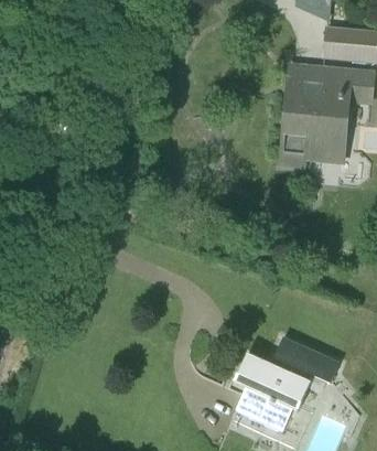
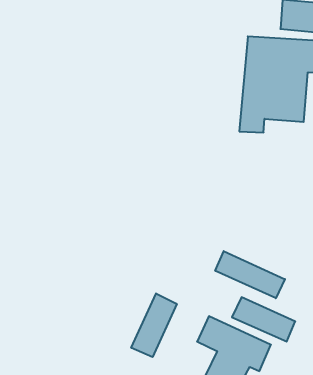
building: none -> [215,251,285,298]
building: none -> [131,293,177,357]

